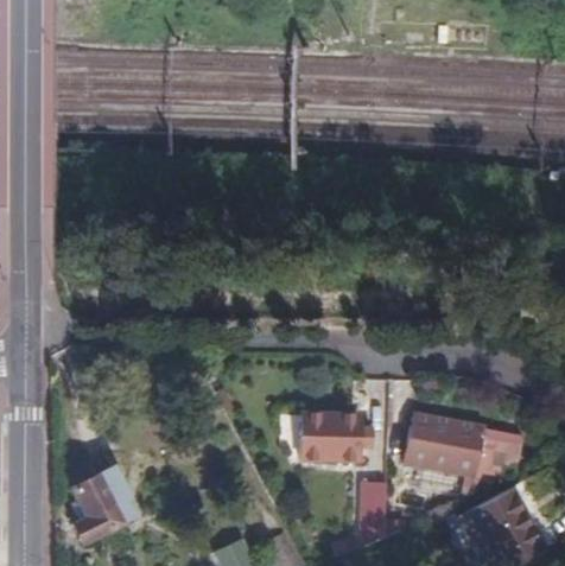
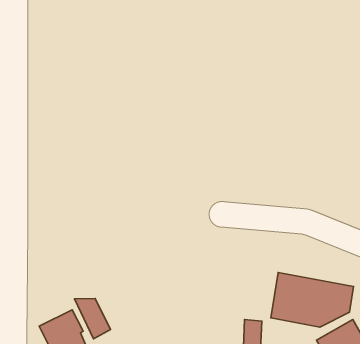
building: [299,413,361,458] -> none
building: none -> [75,298,110,339]

